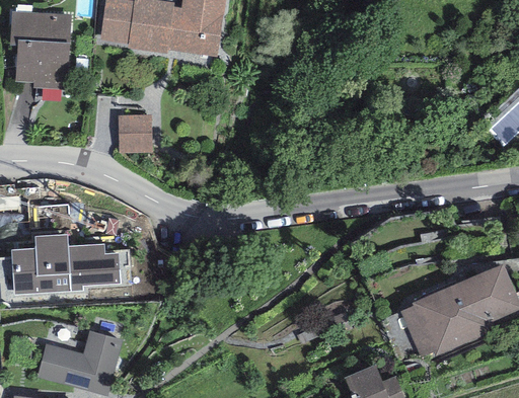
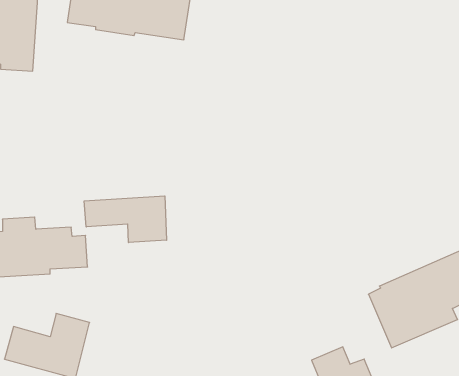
building: [119,113,152,151] -> none
building: none -> [84,196,167,243]

